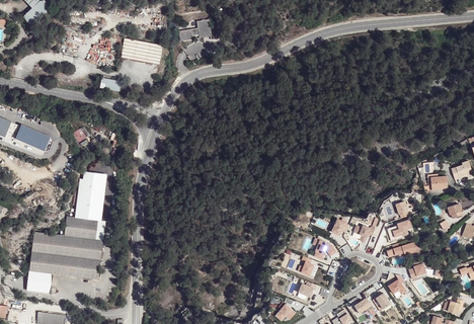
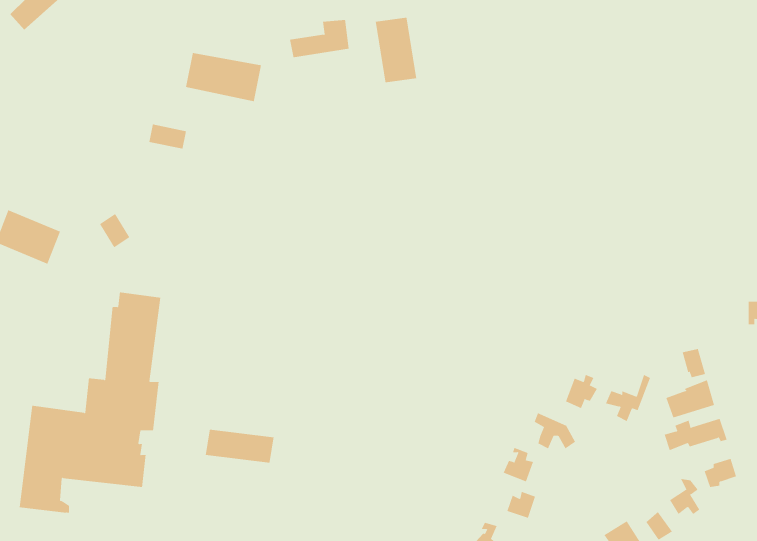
building: none -> [375,17,417,83]
building: none -> [205,429,274,464]

